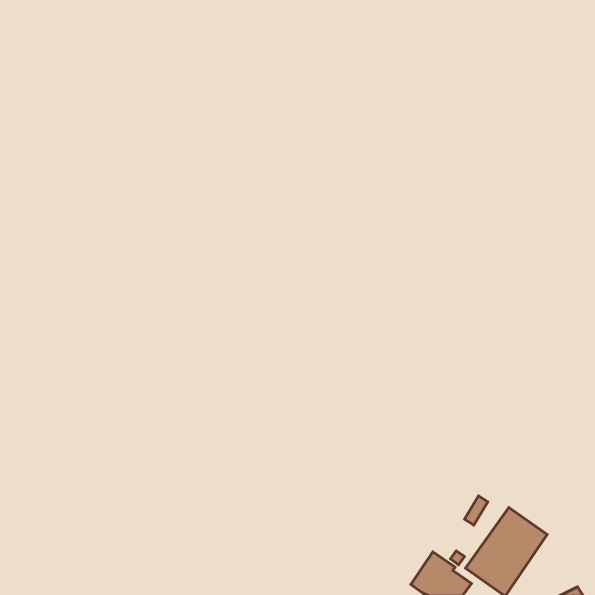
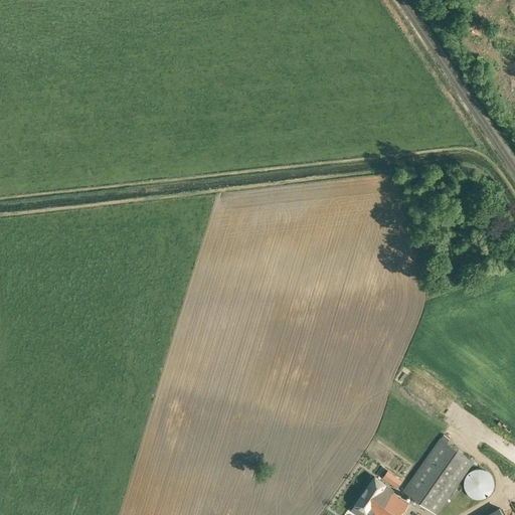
building: none -> [463,470,492,498]

